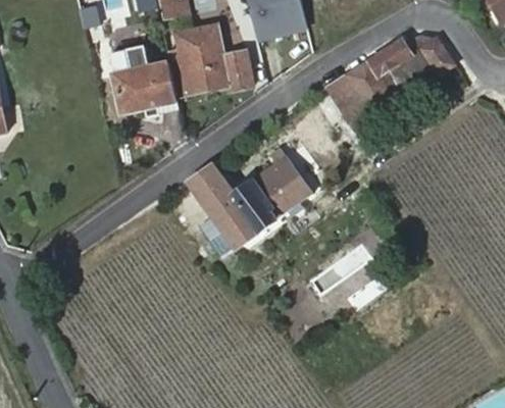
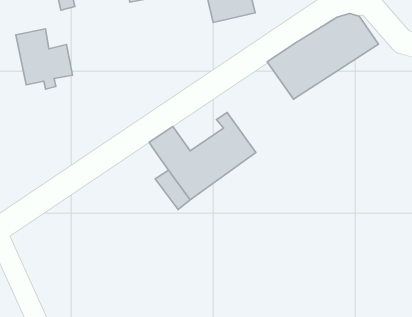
building: [172,24,254,95] -> none
building: [109,48,175,118] -> [16,29,73,89]

